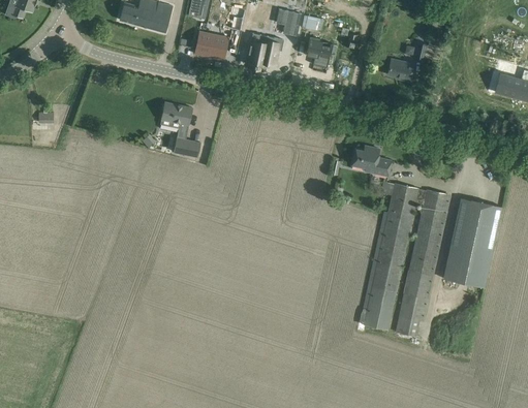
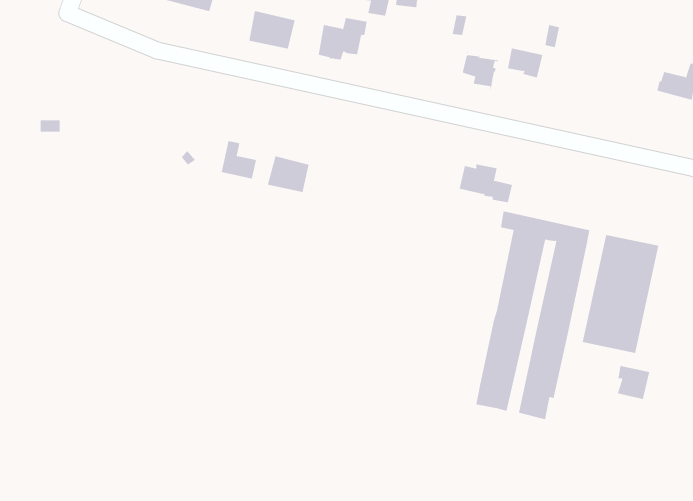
building: [305,36,333,67] -> [462,51,499,92]
building: [160,102,191,126] -> none
building: none -> [267,156,309,193]
building: none -> [617,365,650,400]

